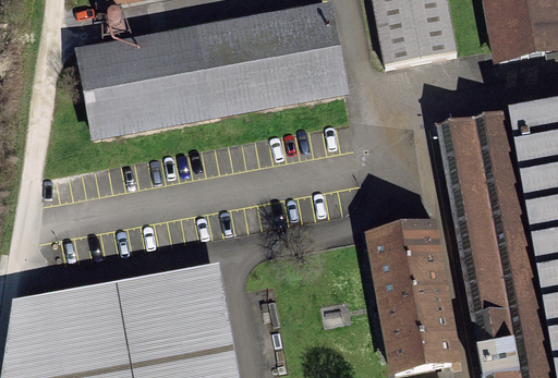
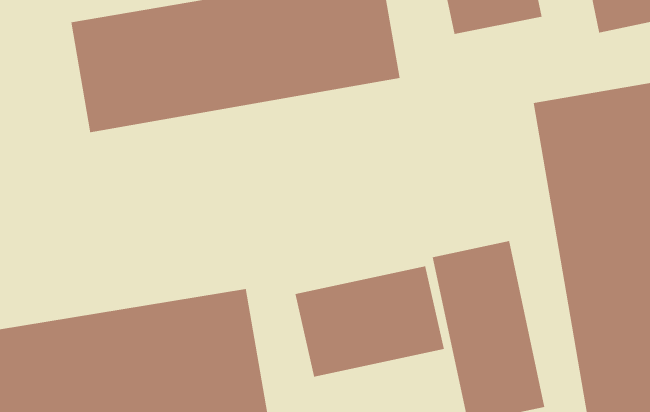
building: none -> [295,266,444,378]

